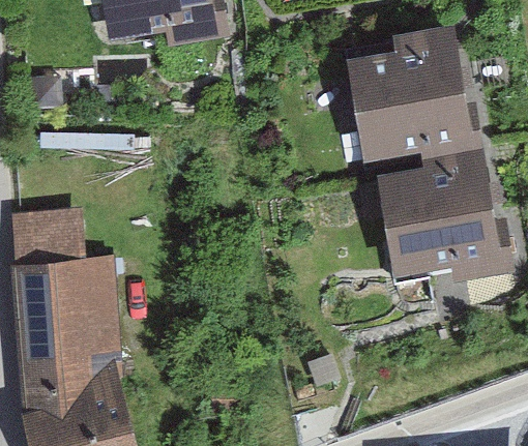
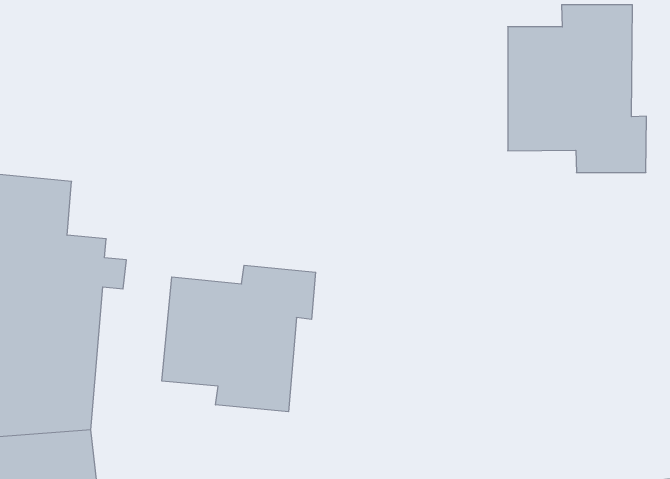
building: [389,147,504,271] -> none
building: none -> [162,265,316,412]

